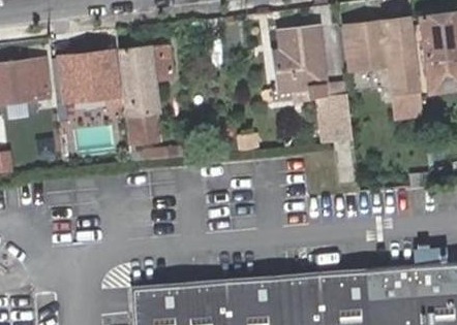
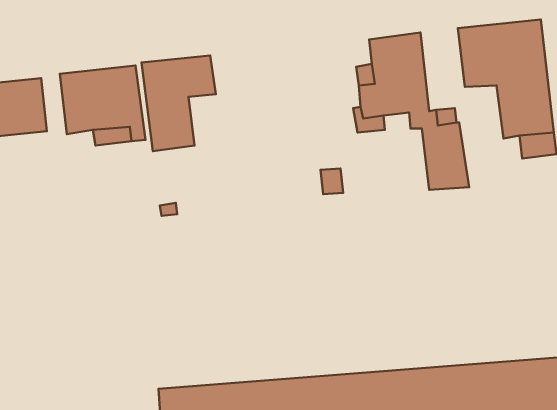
building: [126,109,159,143] -> none

